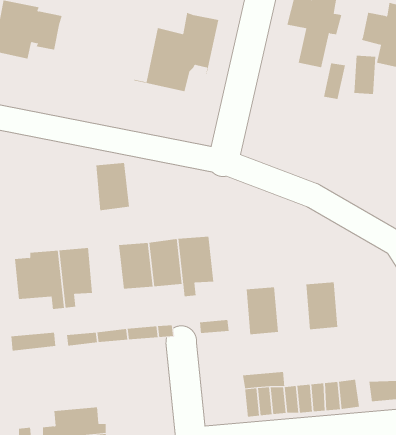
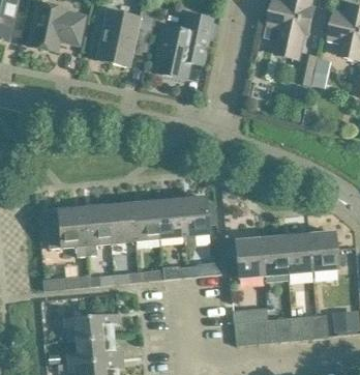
building: none -> [95,8,155,67]
building: [96,163,130,211] -> [107,204,134,243]
building: none -> [307,232,337,271]
building: none -> [259,236,287,276]
building: none -> [64,313,118,340]

